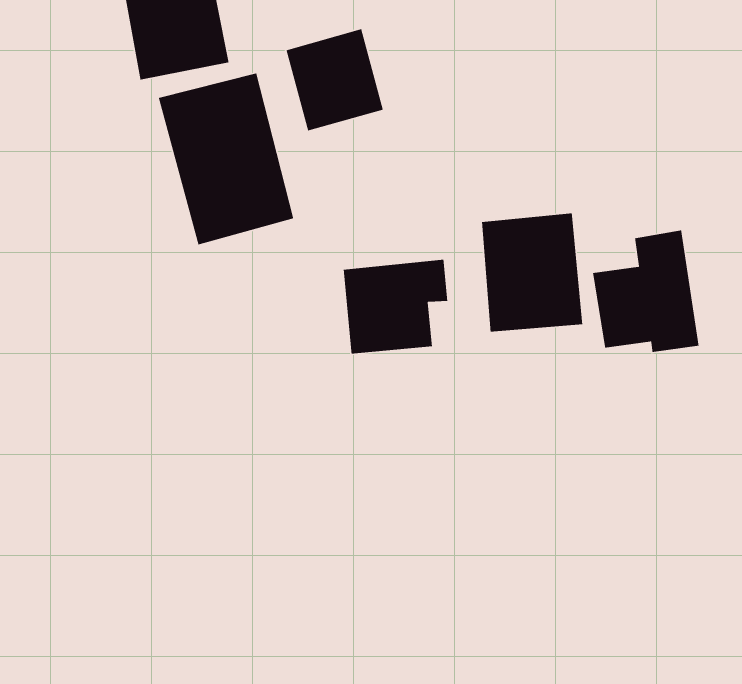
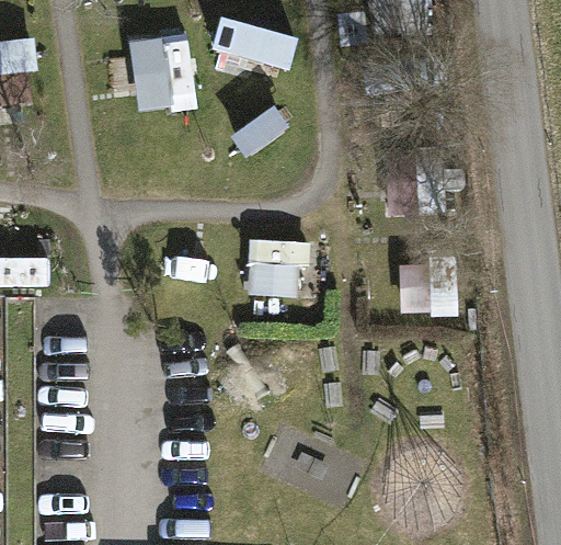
building: [158,73,294,245] -> none
building: [481,213,583,333] -> none

